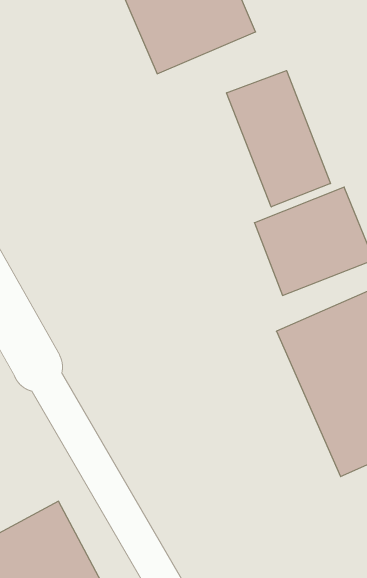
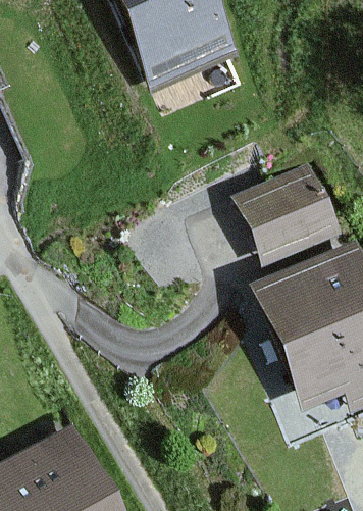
building: [227,71,330,207] -> none

